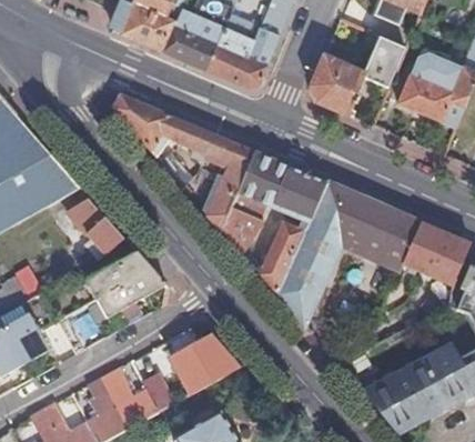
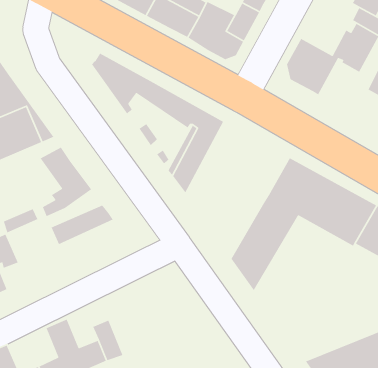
building: [221,152,324,254] -> none
building: [257,222,302,293] -> none
building: [95,265,165,317] -> none
building: [173,336,239,393] -> none

